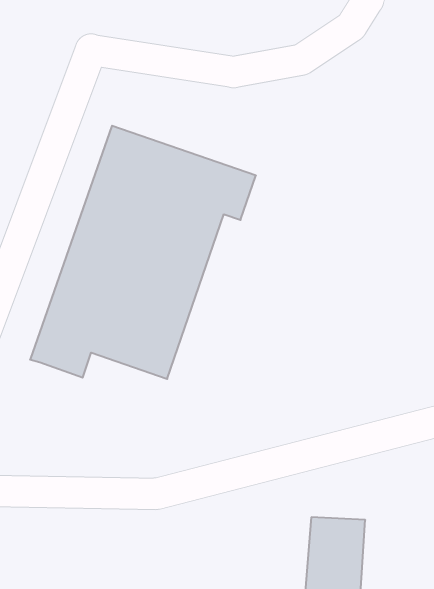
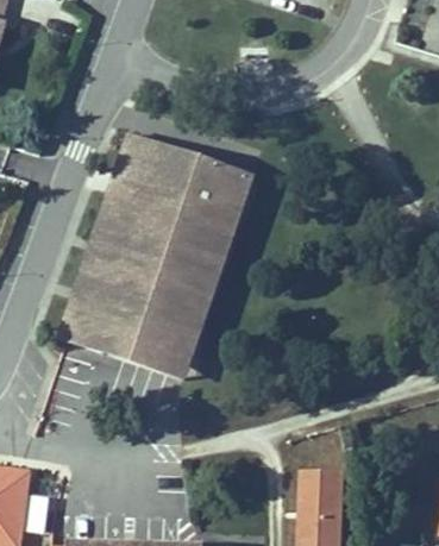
building: none -> [106,212,242,379]

